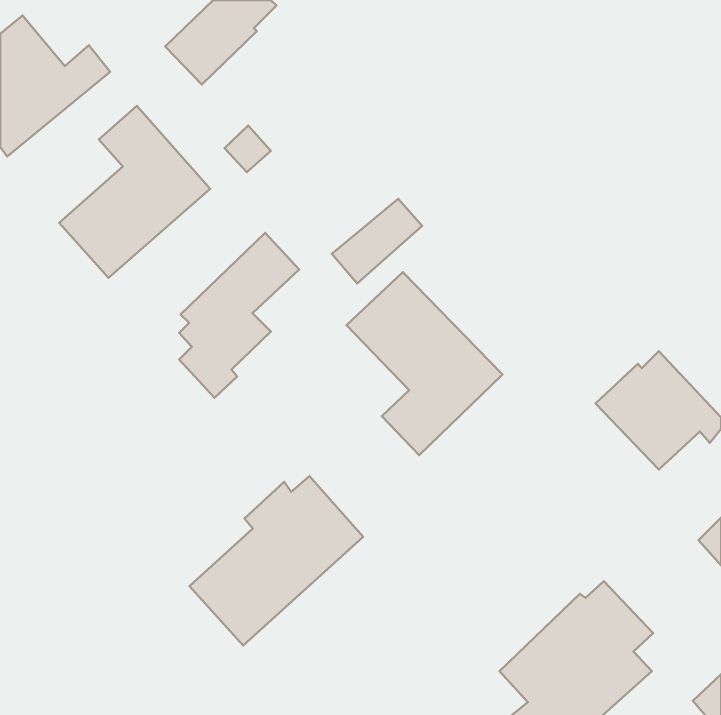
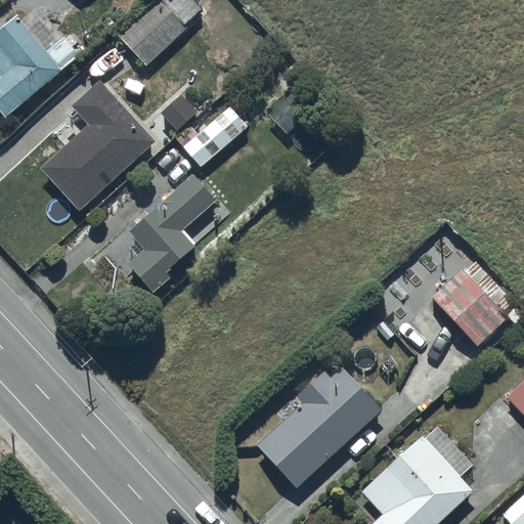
building: [332,199,422,284] -> [183,106,249,168]
building: [347,272,503,455] -> none
building: [189,476,363,646] -> [257,365,383,488]

